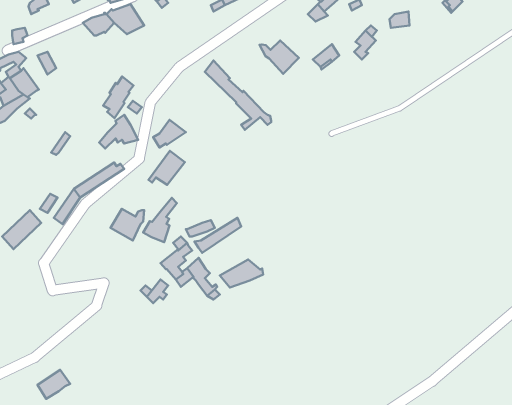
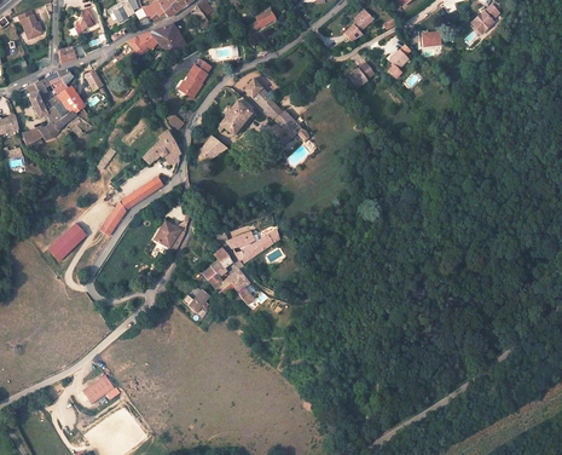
building: [259,40,299,74] -> none
building: [103,77,133,118] -> [181,58,210,98]
building: [148,151,185,185] -> [215,100,250,133]
building: [143,198,177,242] -> none
building: [220,259,263,288] -> none

